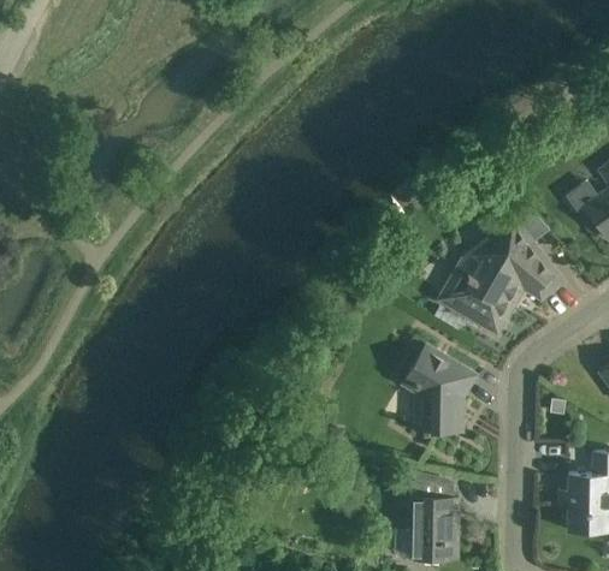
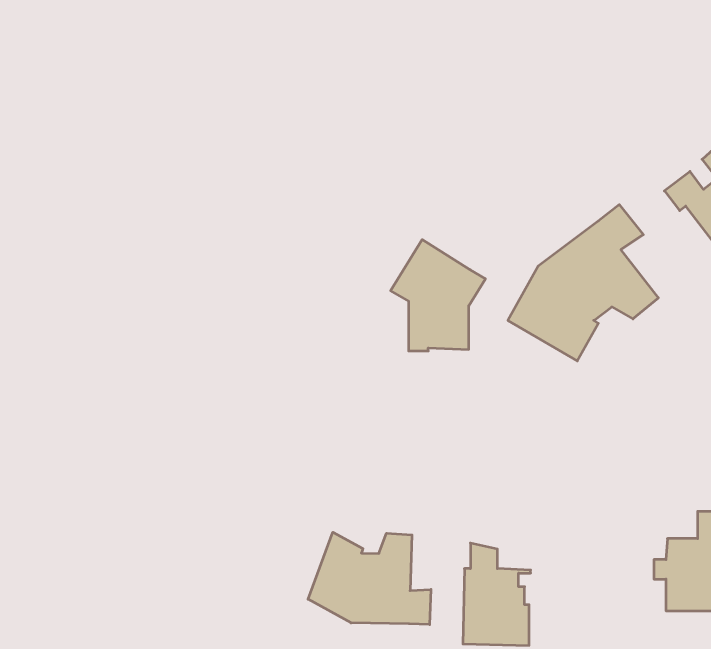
building: [398,345,474,434] -> [391,240,485,351]
building: none -> [308,532,431,625]

